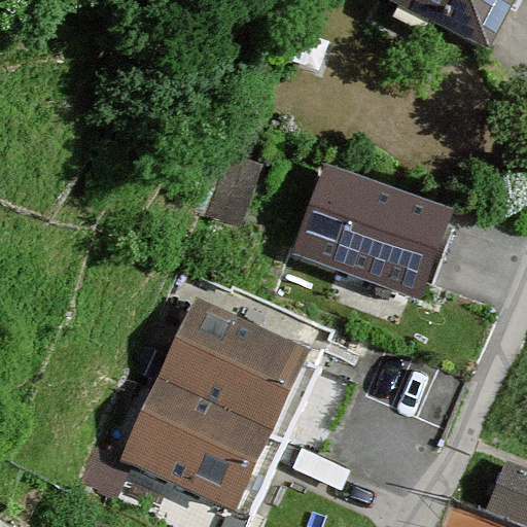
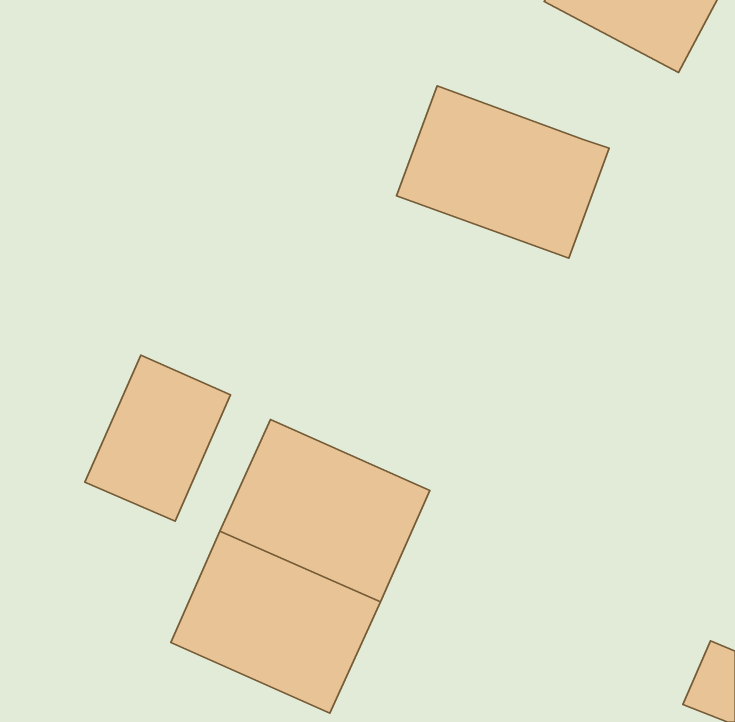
building: [304,174,455,296] -> [397,86,609,258]
building: none -> [85,355,230,521]

